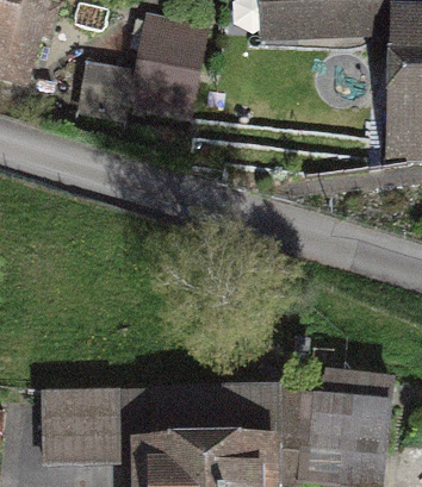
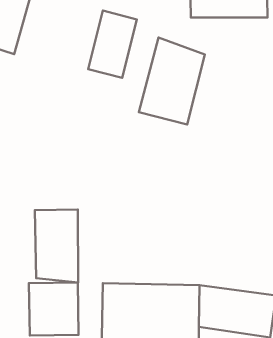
building: none -> [139,38,205,124]
building: none -> [35,209,78,283]

